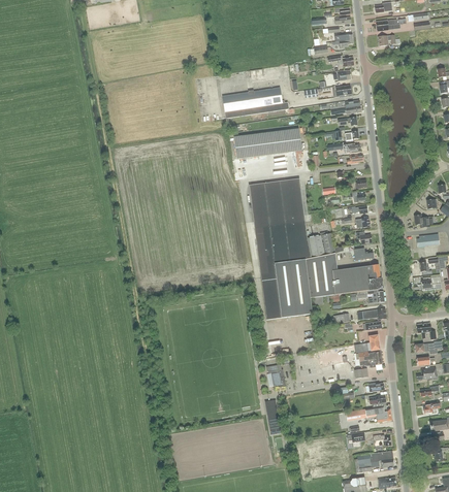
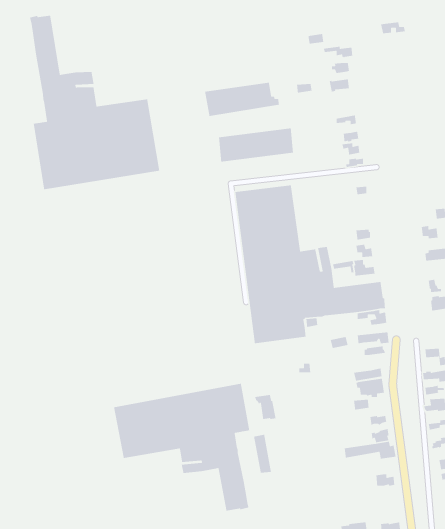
building: none -> [29,15,160,190]
building: none -> [113,383,250,511]
building: [355,450,393,471] -> none

